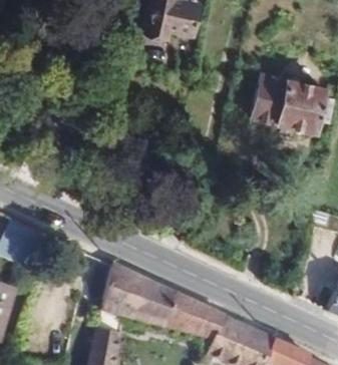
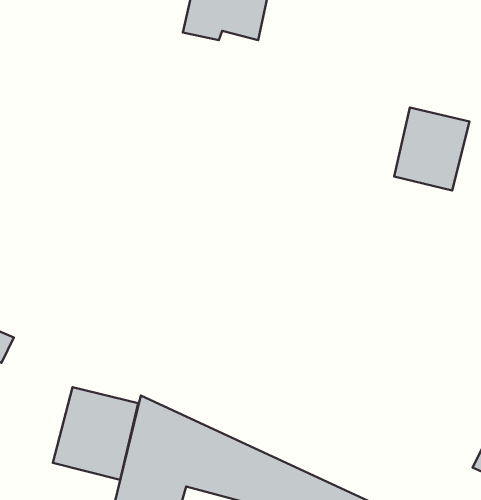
building: [252,72,288,122] -> none
building: none -> [53,387,138,480]

